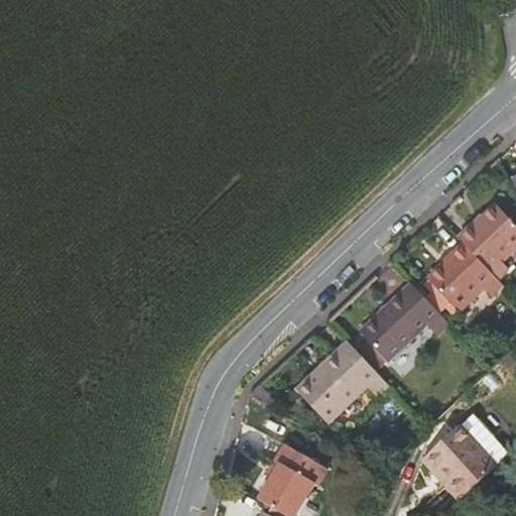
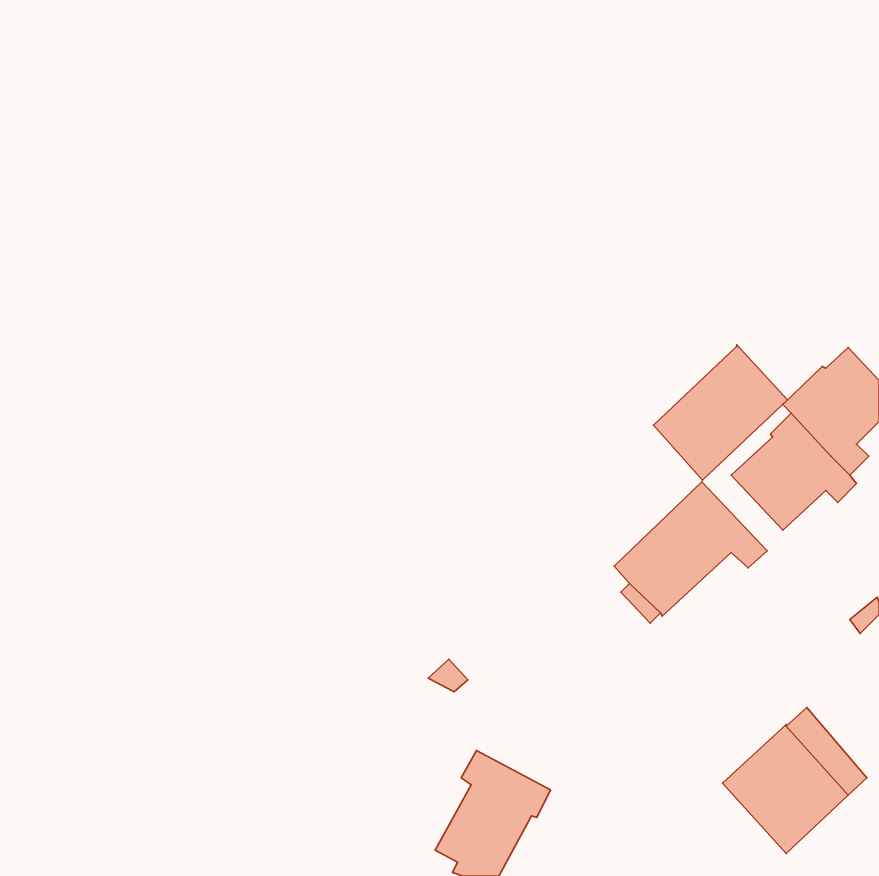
building: none -> [654,345,788,480]
building: [296,341,390,422] -> none

